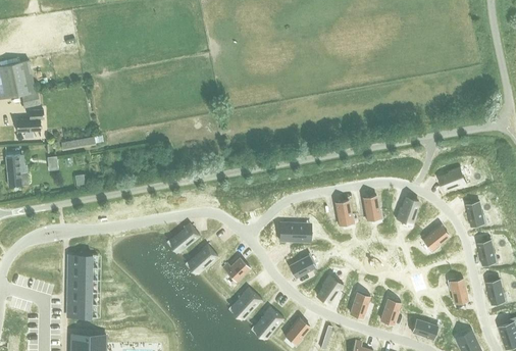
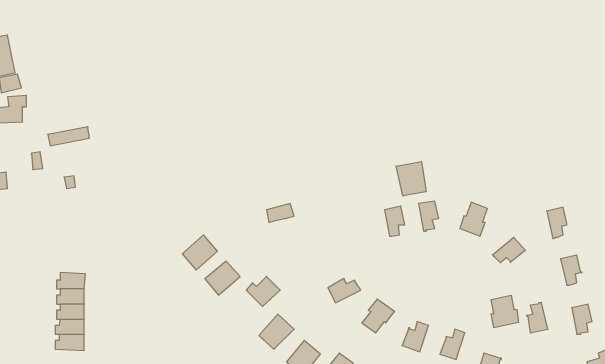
building: none -> [396,161,426,196]
building: [438,166,466,189] -> none
building: [278,222,305,241] -> none
building: none -> [491,295,519,328]

